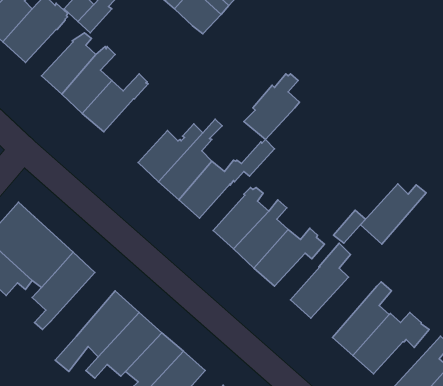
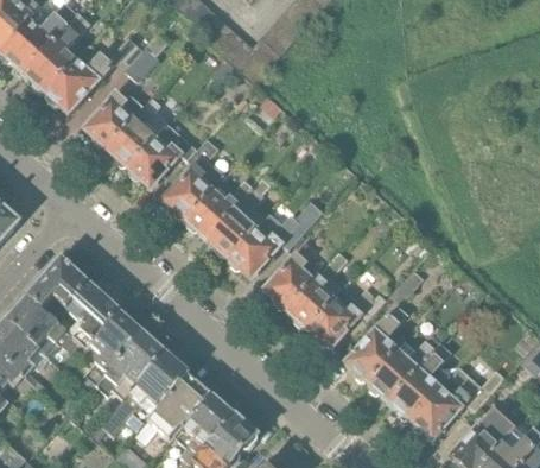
building: [244,74,299,140] -> [163,148,221,217]
building: [360,184,426,244] -> [366,337,434,400]
building: none -> [94,333,161,399]

